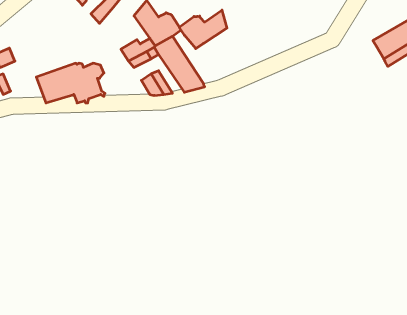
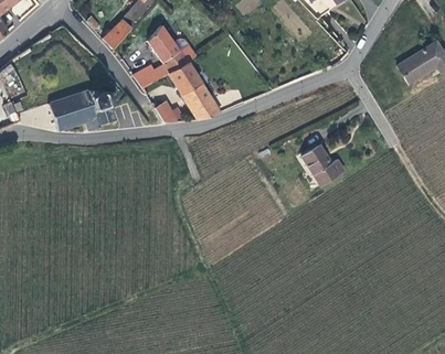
building: [179,10,227,49] -> none
building: none -> [301,146,342,185]

